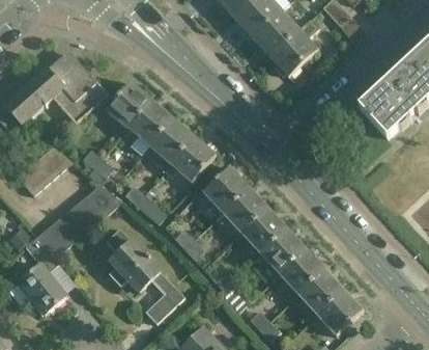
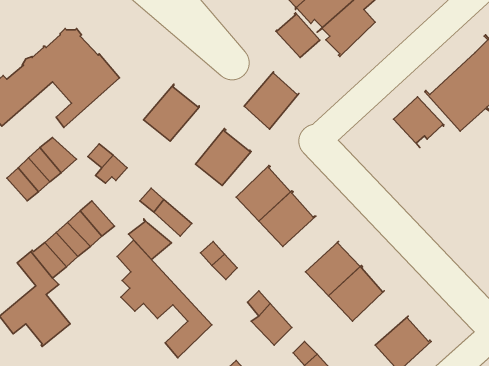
building: none -> [276,13,320,57]
building: [107,82,152,129] -> none
building: none -> [393,97,444,147]
building: [149,118,194,165] -> [244,72,299,129]
building: [85,183,120,216] -> [129,219,172,259]
building: [241,208,287,253] -> none
building: [298,269,344,314] -> none

